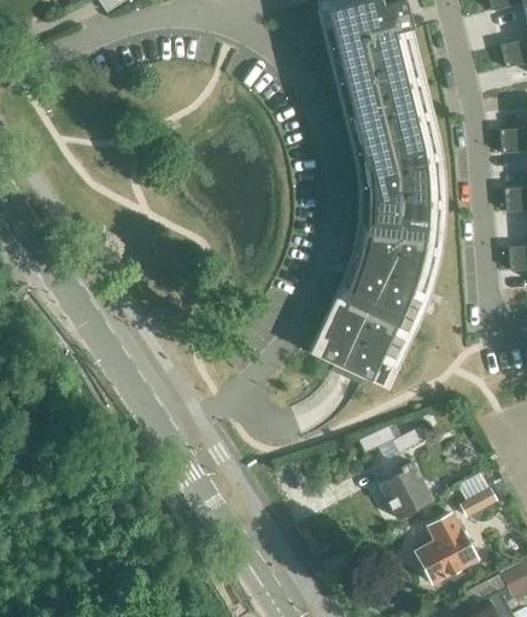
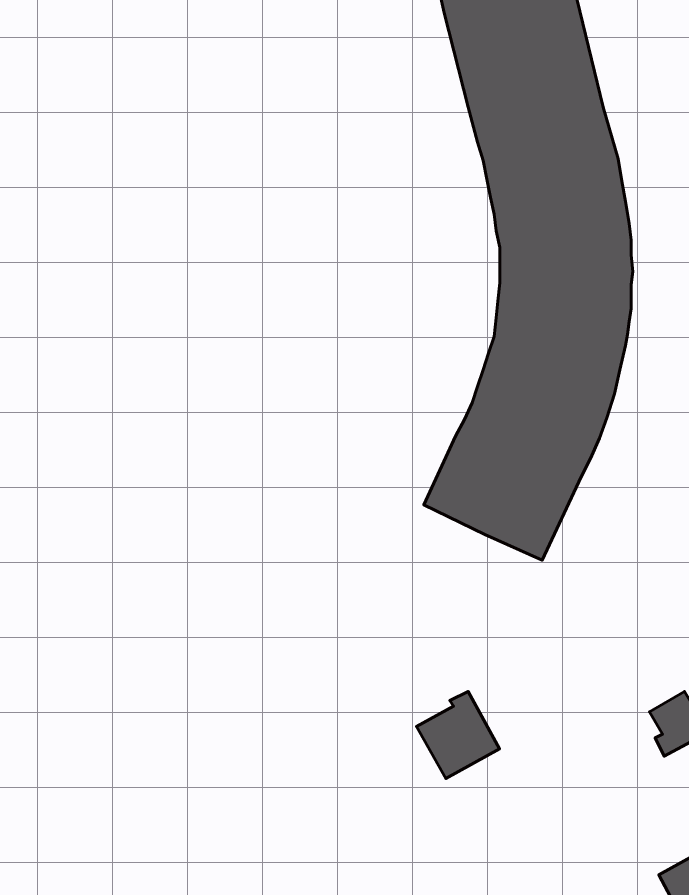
building: [379,462,433,518] -> [416,691,500,778]
building: [415,513,476,583] -> none

